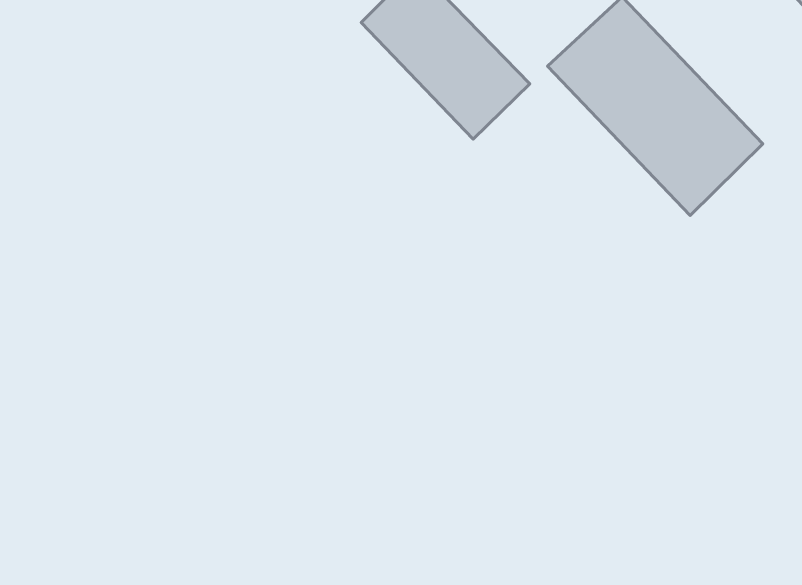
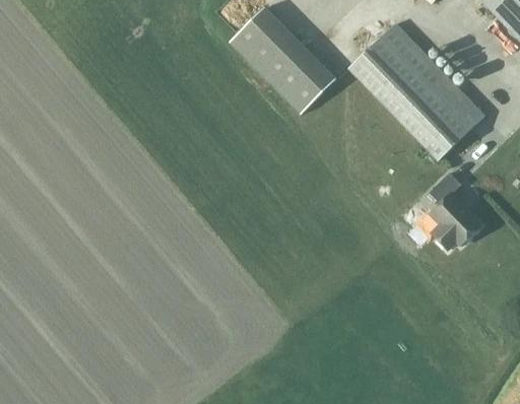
building: none -> [428,174,481,249]

